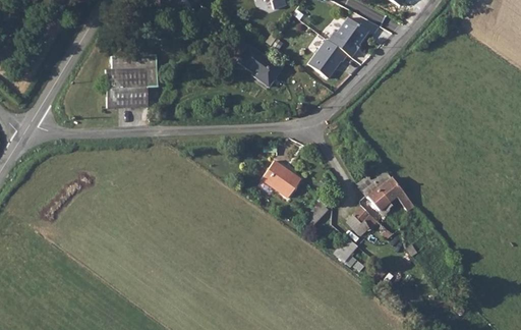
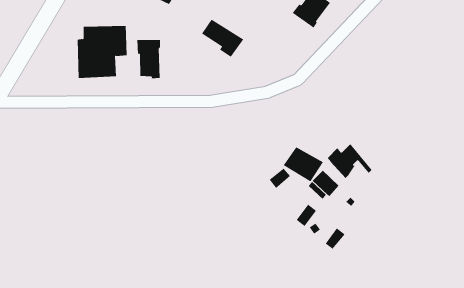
building: [307,39,347,77] -> none
building: none -> [137,39,160,79]
building: [262,161,303,198] -> [283,146,324,182]

